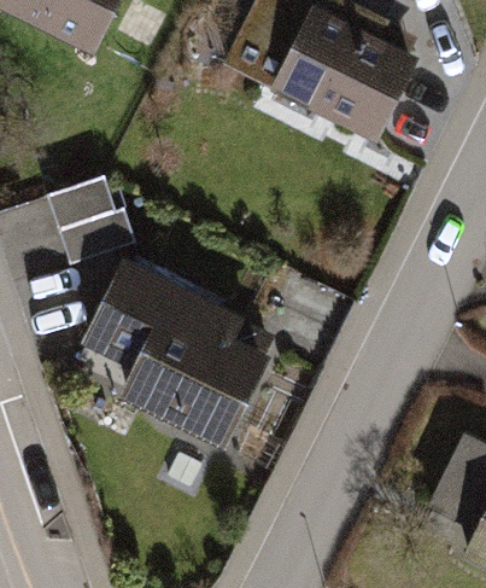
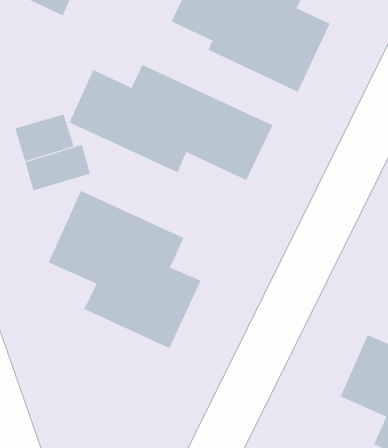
building: none -> [69,64,273,181]

